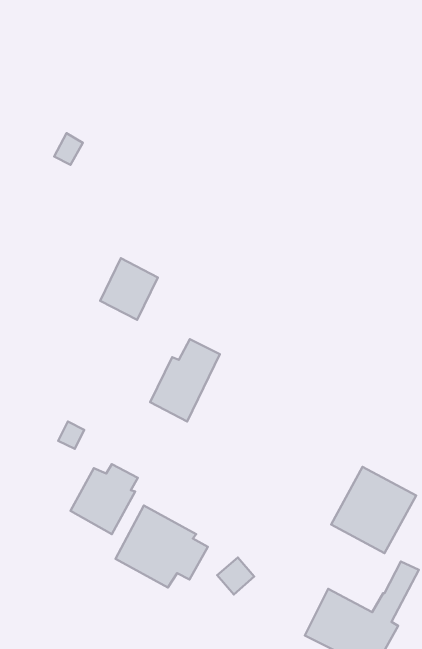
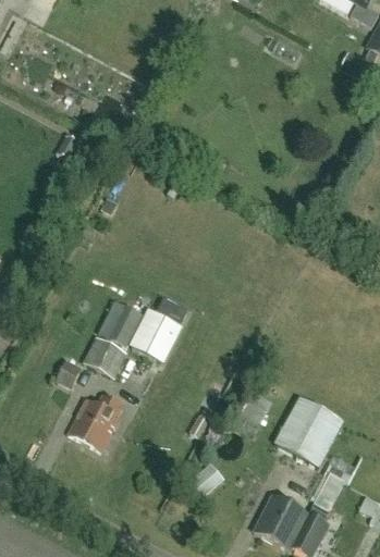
building: [100,258,158,320] -> [99,297,145,346]
building: none -> [85,337,125,374]
building: [116,505,208,587] -> none

